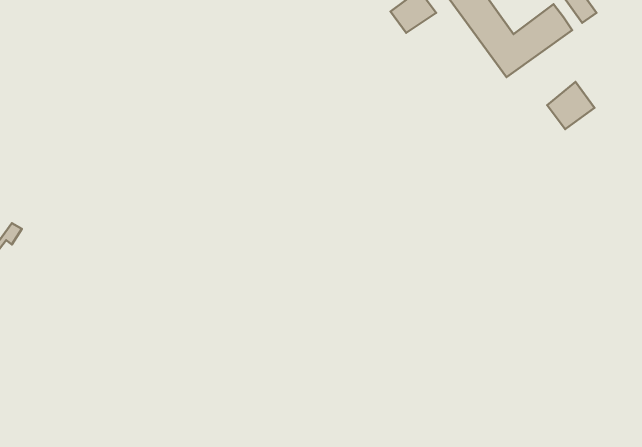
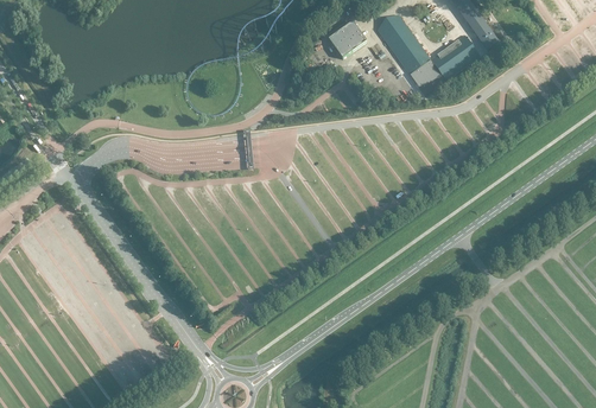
building: [547,82,594,129] -> none

